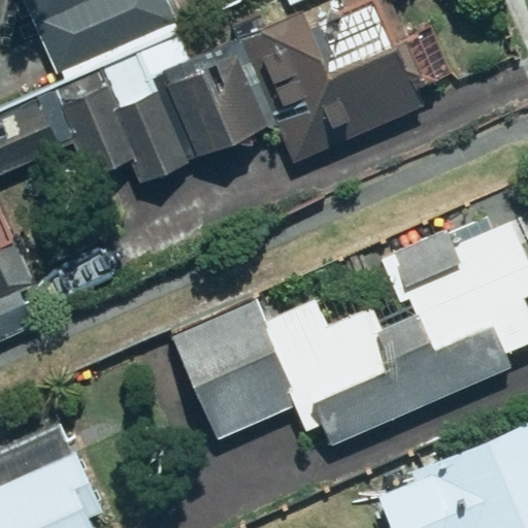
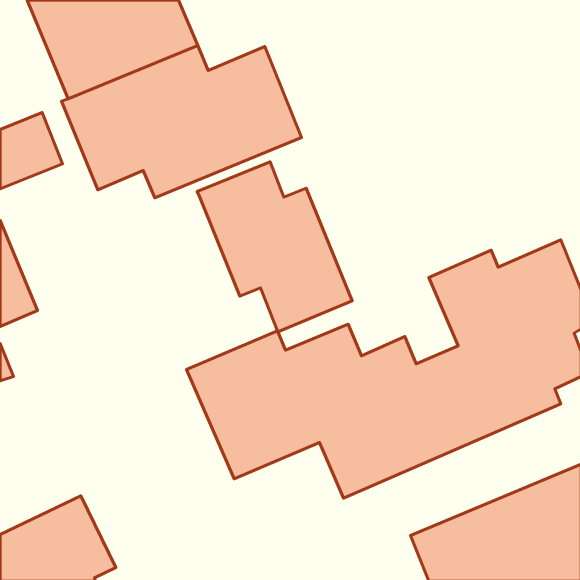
building: [241,13,448,160] -> none
building: none -> [197,162,352,332]

